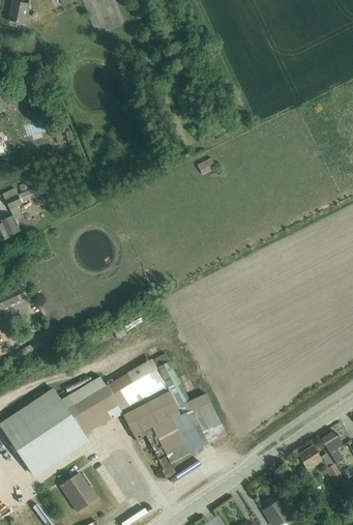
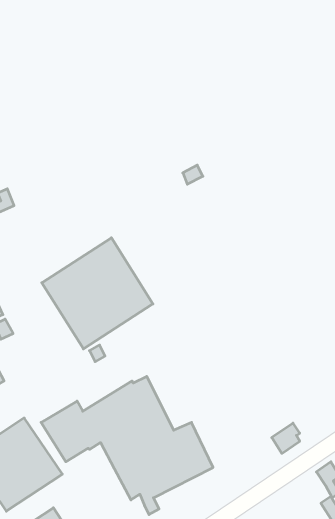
building: none -> [42,238,153,349]
building: [295,442,321,470] -> [272,423,300,453]

